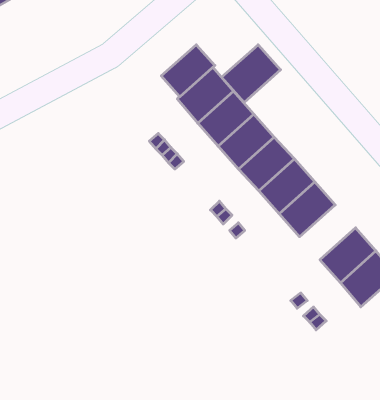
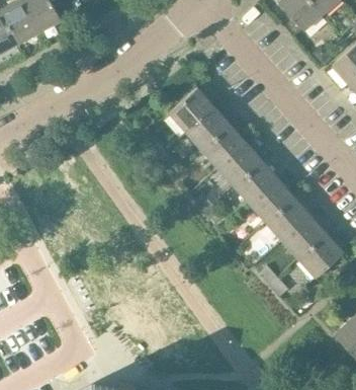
building: [161,45,215,97] -> none
building: [222,45,281,102] -> none
building: none -> [267,198,312,241]

